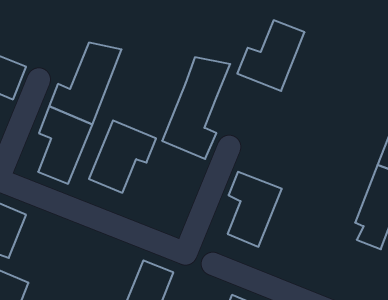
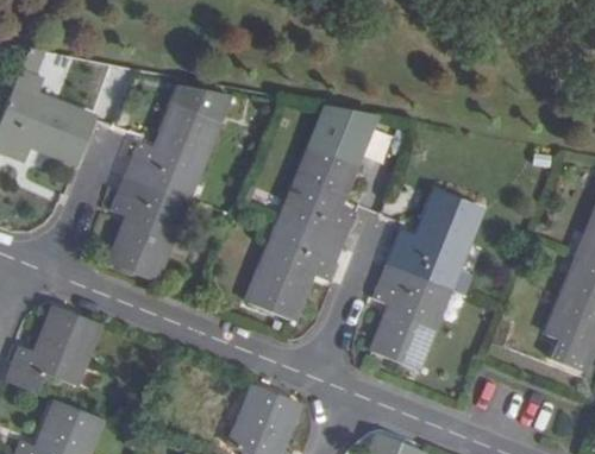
building: [237,20,305,91] -> [387,190,480,288]
building: [89,120,156,193] -> [249,221,342,321]

